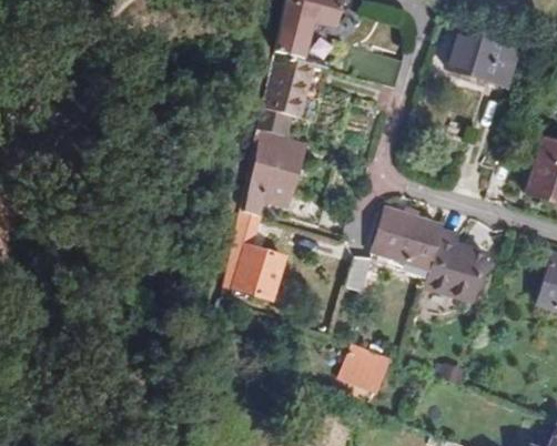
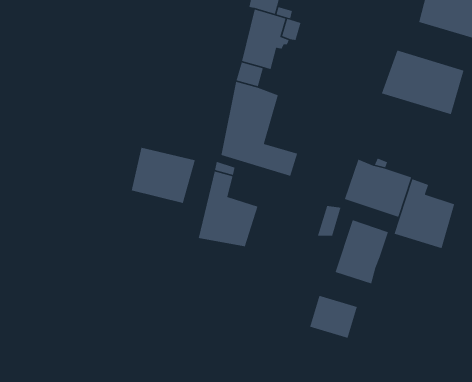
building: none -> [381,49,465,115]
building: none -> [131,147,196,204]
building: none -> [334,219,389,284]

